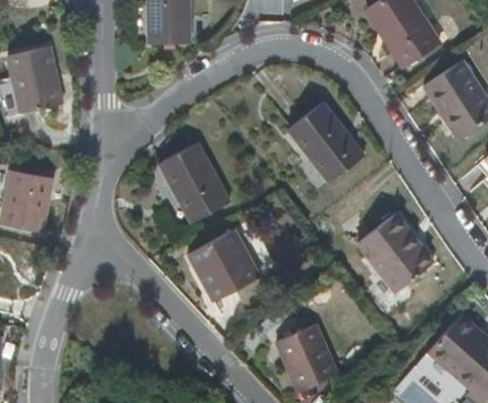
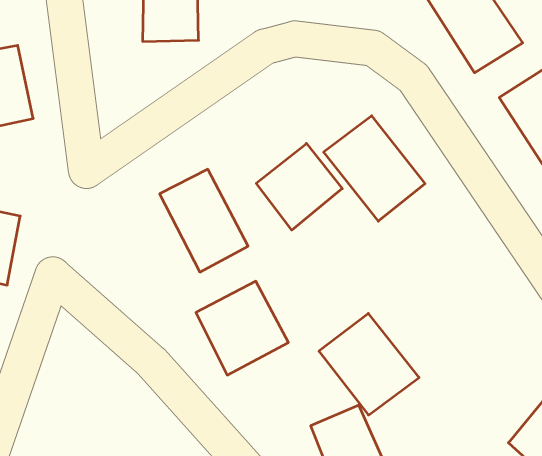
building: none -> [256,143,342,230]
building: [357,214,435,292] -> [319,313,419,415]

